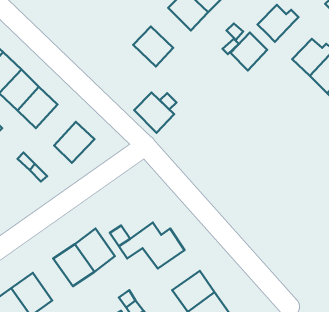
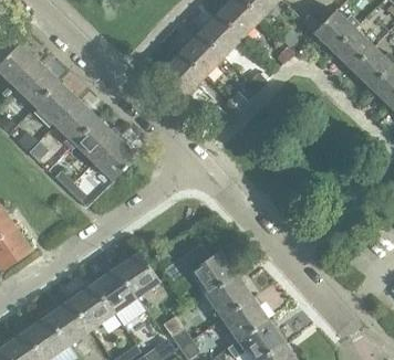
building: none -> [198,14,241,57]
building: [230,32,267,70] -> [332,29,372,70]
building: [134,93,174,133] -> [160,54,204,97]
building: none -> [74,118,117,162]
building: none -> [206,275,251,318]
building: none -> [71,284,114,329]

